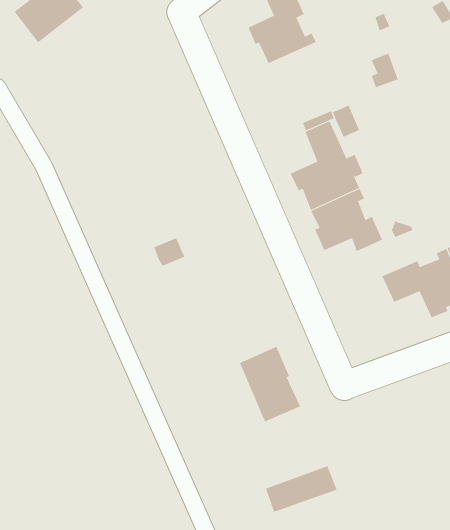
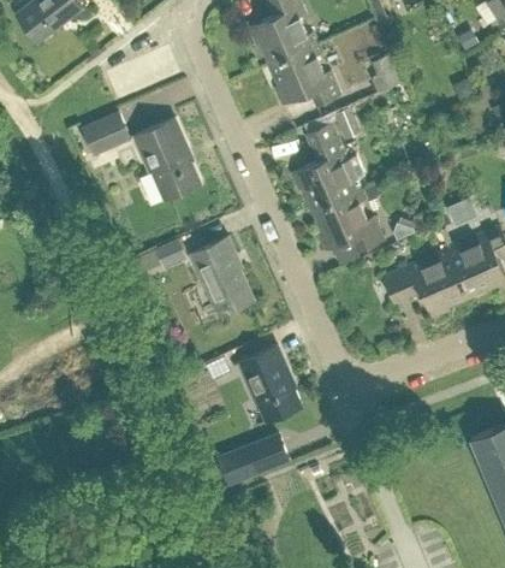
building: none -> [269,43,340,107]
building: none -> [82,112,129,154]
building: none -> [135,118,201,200]
building: none -> [191,237,254,316]
building: [265,466,337,513] -> [218,438,290,485]

